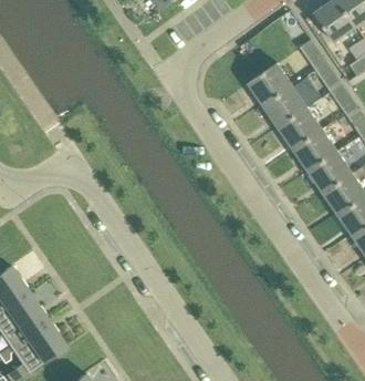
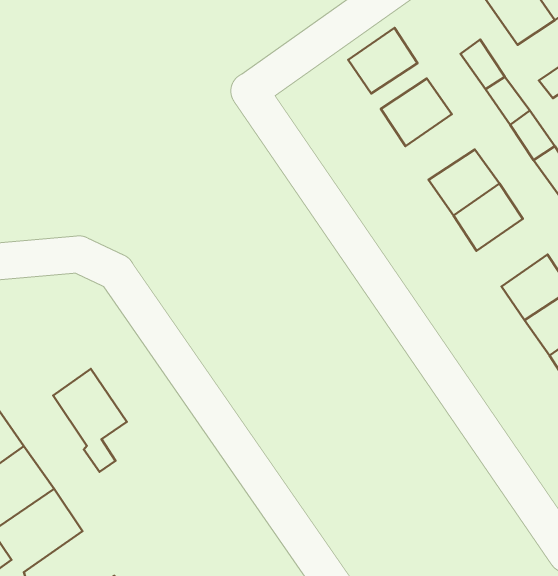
building: [265,86,309,127] -> [348,28,417,93]
building: [310,152,354,194] -> none
building: none -> [53,369,127,472]

